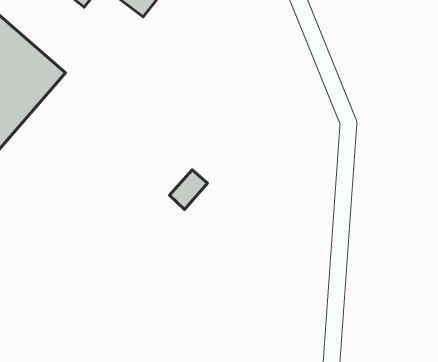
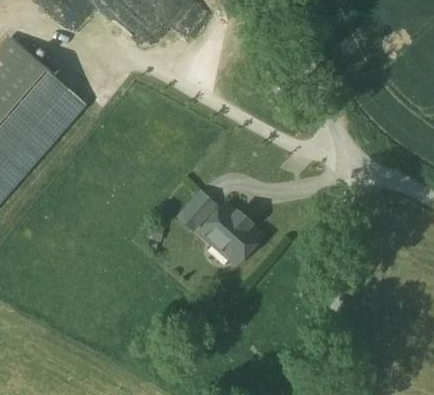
building: none -> [199,203,259,262]

